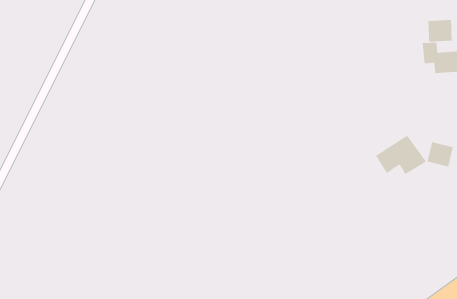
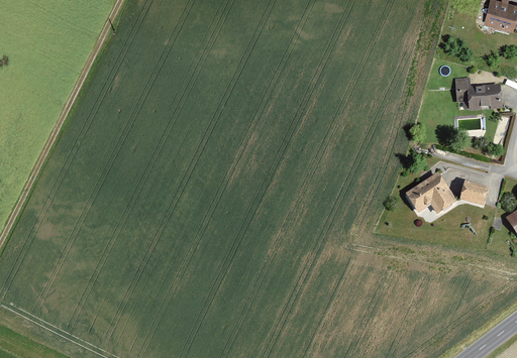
building: [428,19,452,43] -> none

